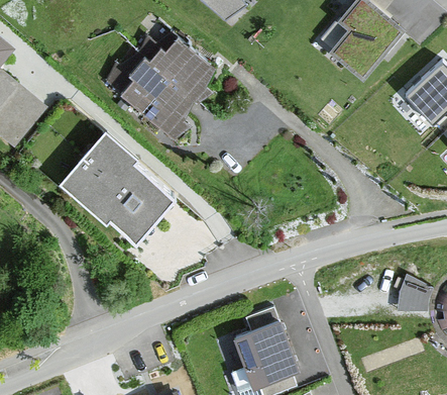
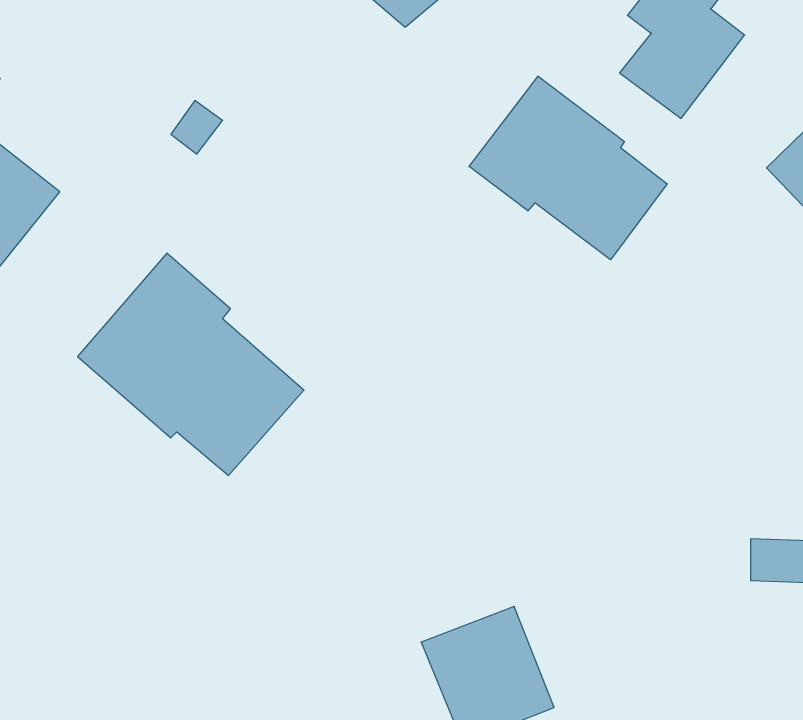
building: [115,31,214,131] -> none
building: none -> [469,76,667,260]

